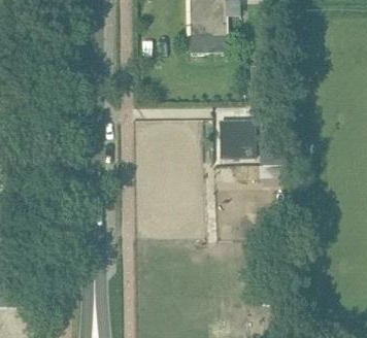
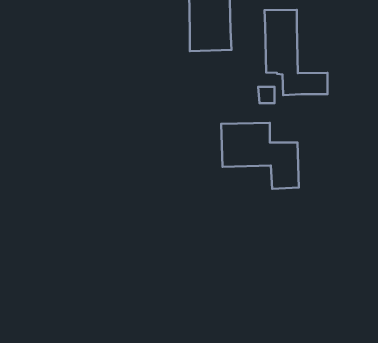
building: none -> [265,10,327,95]

